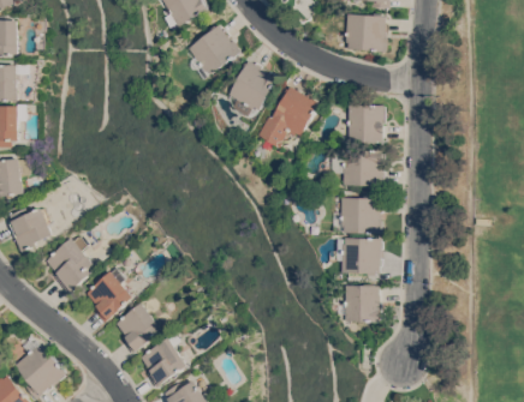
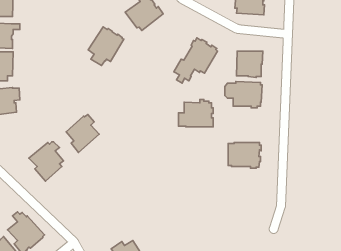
building: [226,60,278,116] -> [88,27,124,66]
building: [332,193,382,233] -> [178,100,213,127]
building: [10,205,54,252] -> none
building: [87,268,135,323] -> [66,114,99,152]
building: [335,284,381,322] -> none
building: [117,298,165,353] -> none
building: [141,337,190,388] -> none

